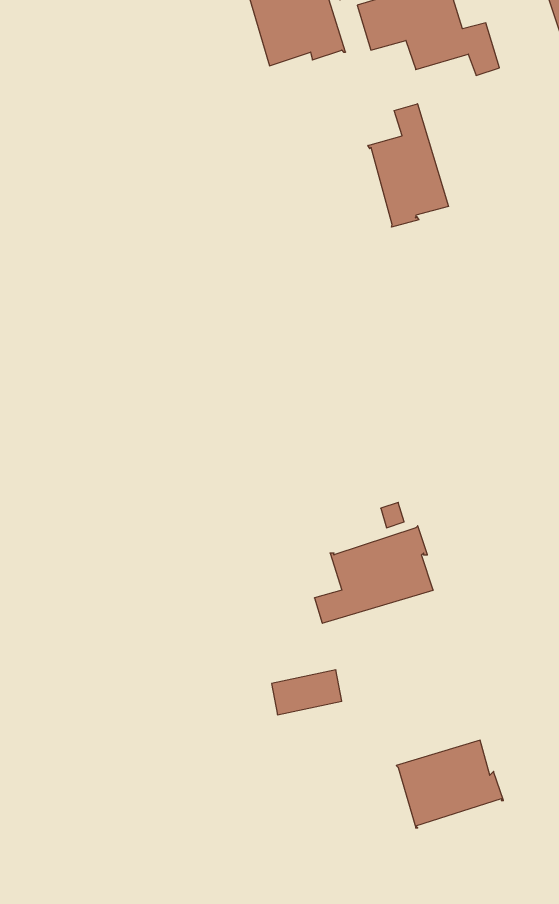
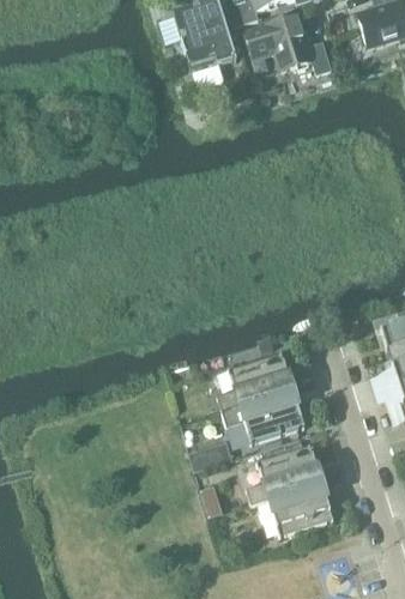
building: [368,104,449,227] -> none
building: none -> [223,389,306,442]
building: none -> [247,443,320,503]

